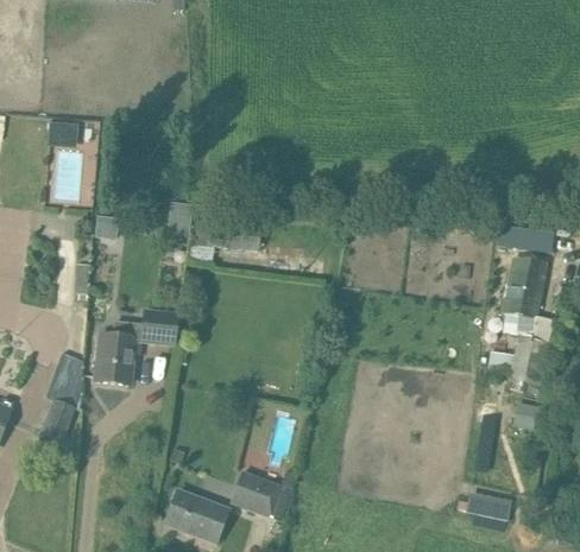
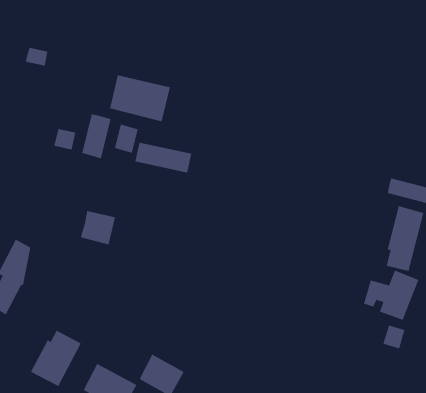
building: none -> [109,75,171,122]
building: none -> [82,114,111,159]
building: [95,321,141,385] -> none
building: none -> [30,330,82,387]

